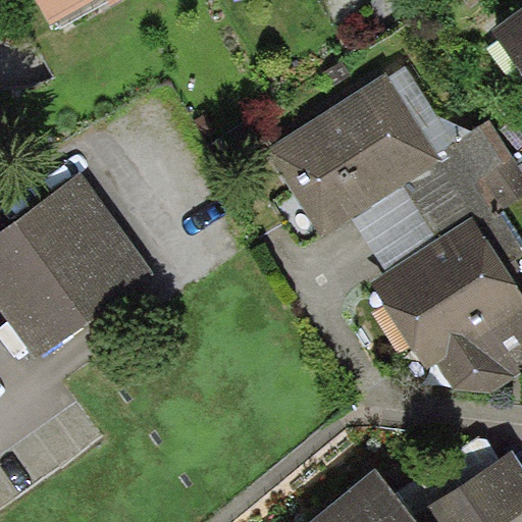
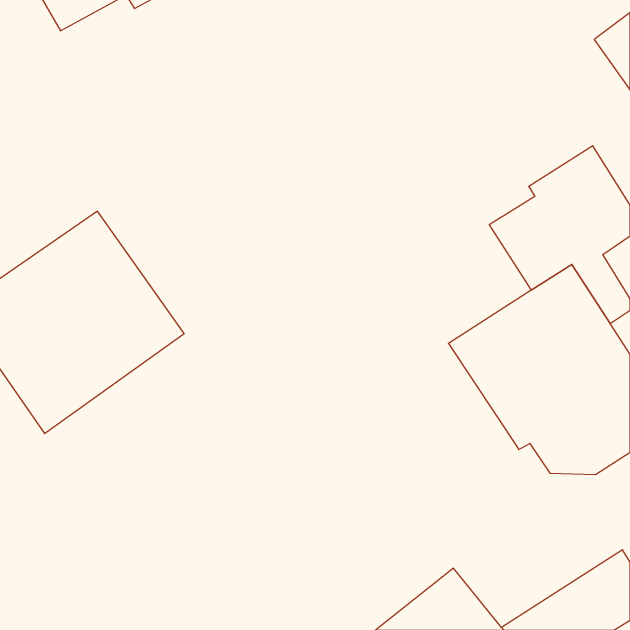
building: [266,74,441,238] -> none

